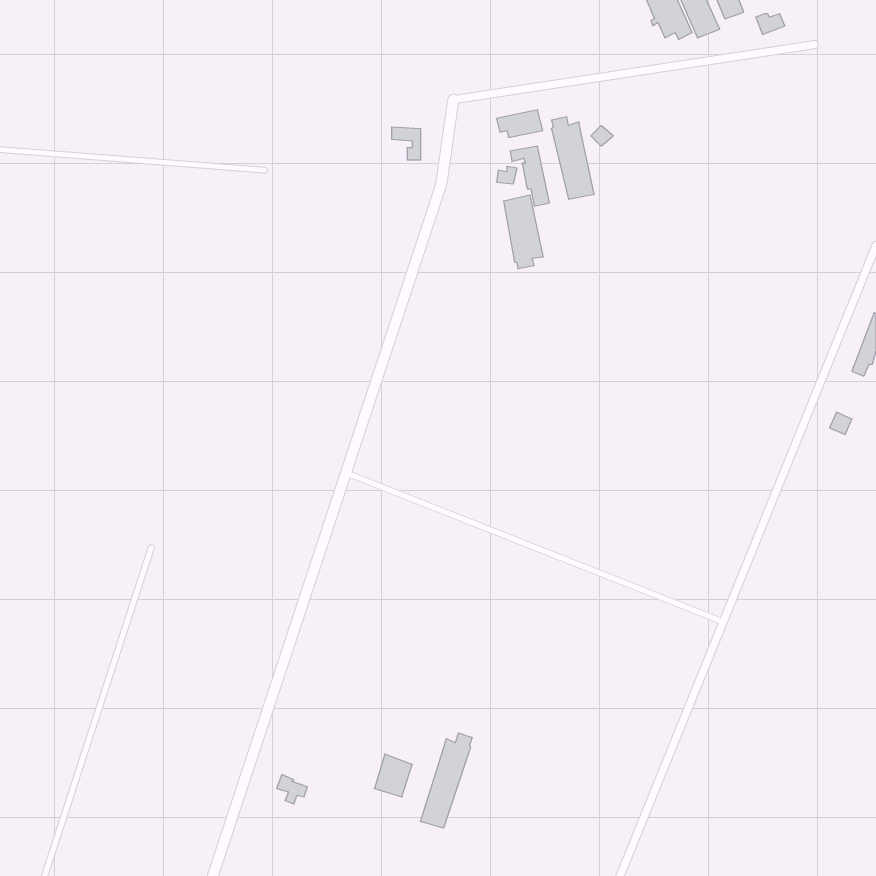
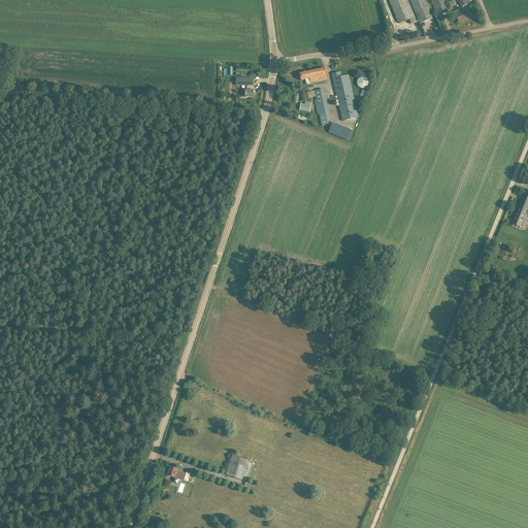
building: [504,195,543,269] -> none
building: [421,733,472,828] -> none

